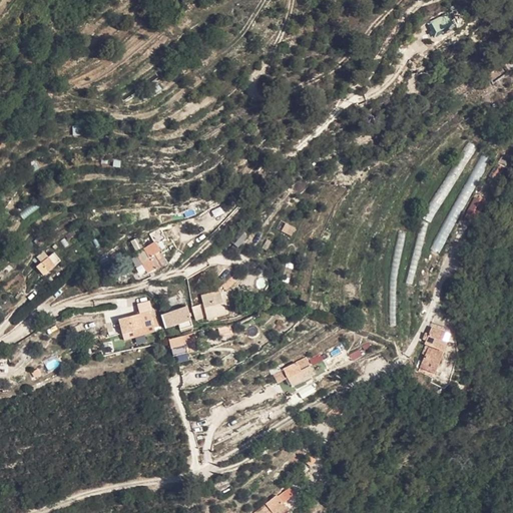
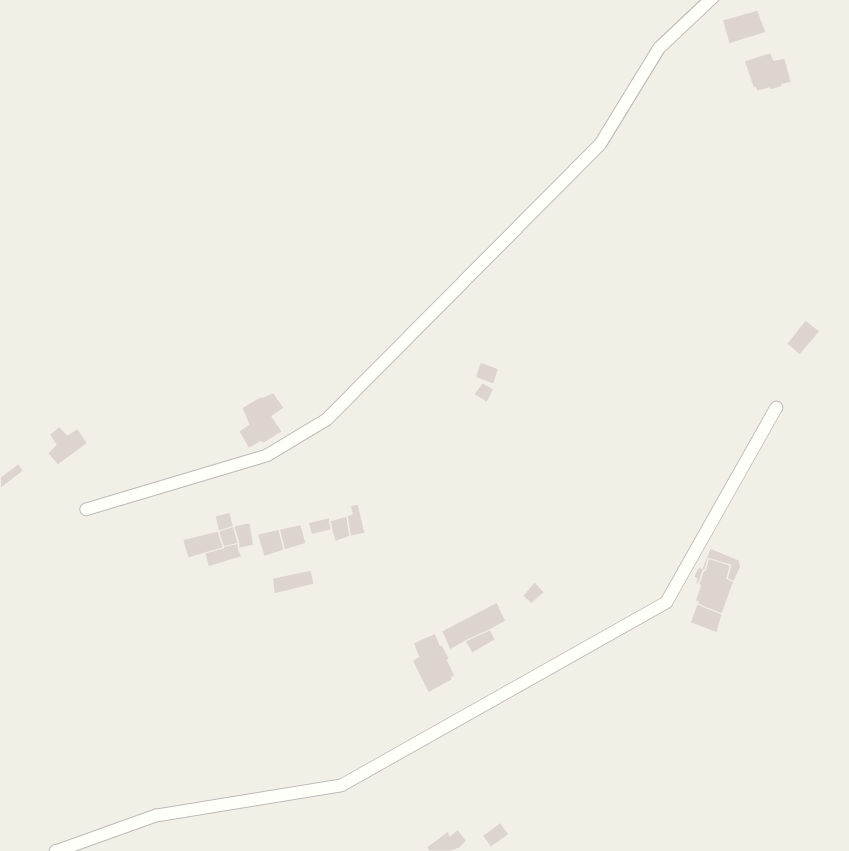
building: none -> [744,52,791,91]
building: none -> [412,633,455,693]

